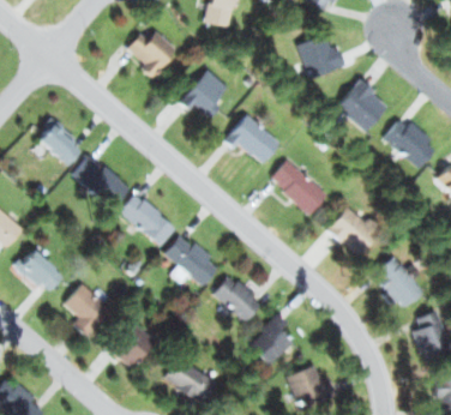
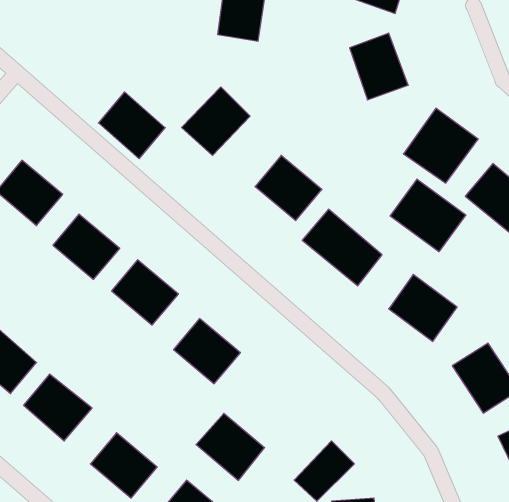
building: [131,24,180,73] -> [98,92,165,159]
building: none -> [390,179,466,252]
building: [216,273,266,323] -> [196,413,265,480]

